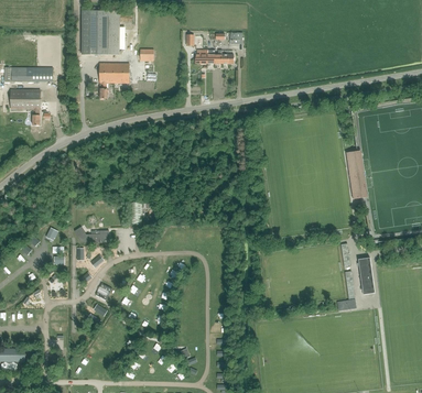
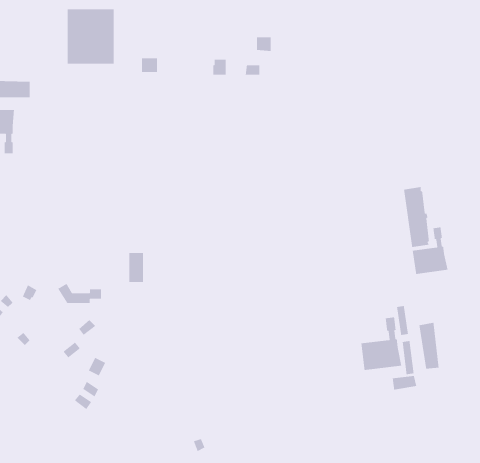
building: [98,63,128,98] -> none
building: none -> [412,226,449,275]
building: none -> [360,317,402,371]

